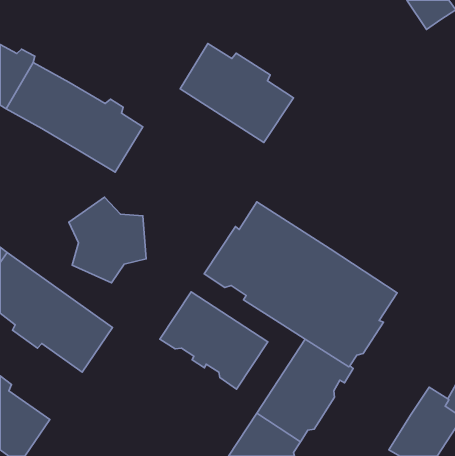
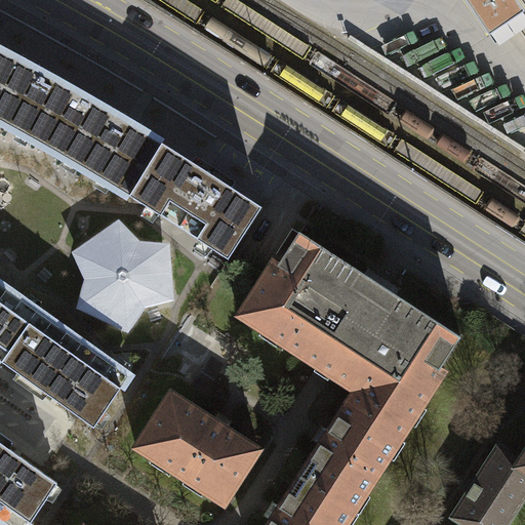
building: [180,43,293,143] -> [133,146,264,259]
building: [160,292,268,389] -> [132,392,256,503]

